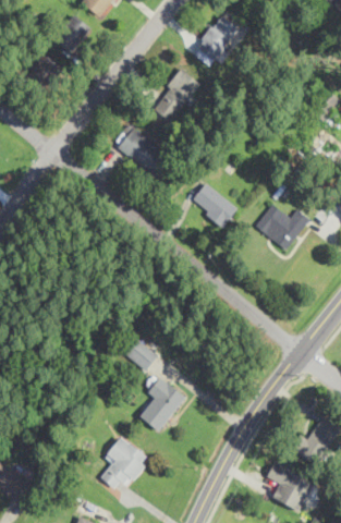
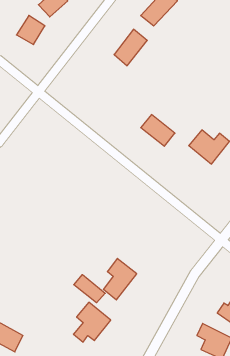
building: [115,127,169,178] -> none
building: [124,340,158,370] -> none
building: none -> [74,275,105,303]

